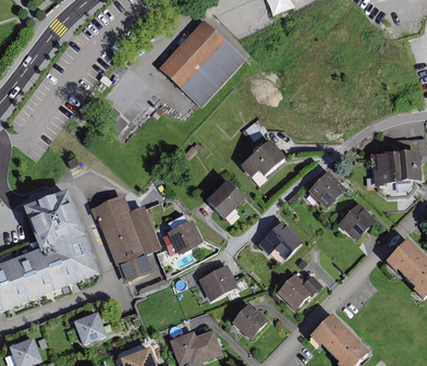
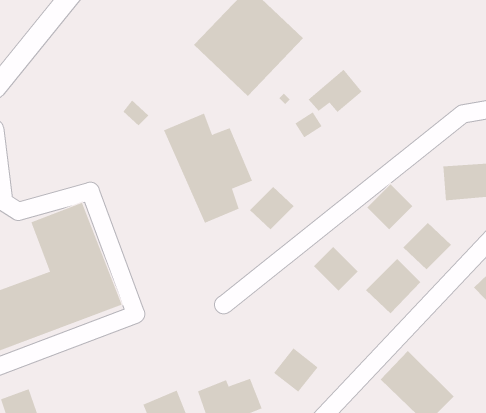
building: [241,136,285,172] -> [308,69,363,113]
building: [94,191,167,281] -> [163,113,253,224]
building: [167,221,203,256] -> none
building: [194,267,233,304] -> none
building: [270,269,316,315] -> [365,258,421,314]
building: [69,315,101,347] -> none

